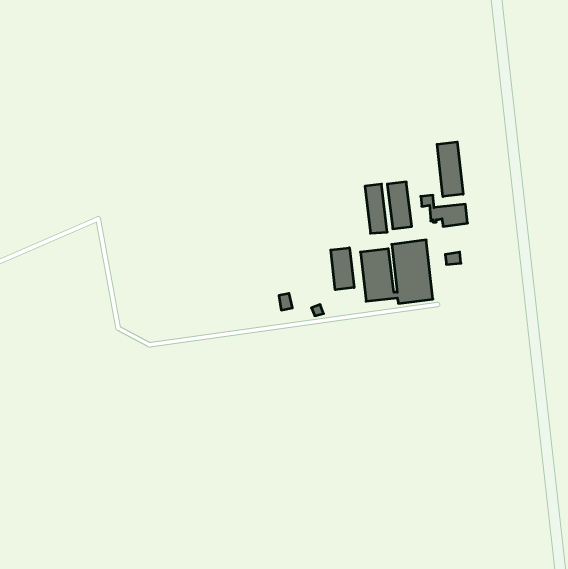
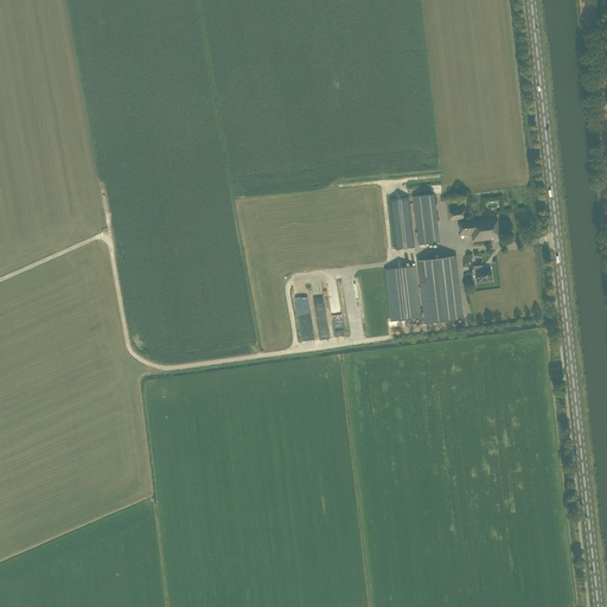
building: [437,142,463,197] -> none
building: [331,248,354,290] -> none

